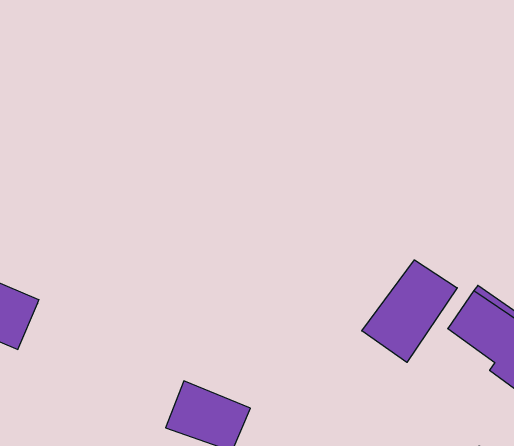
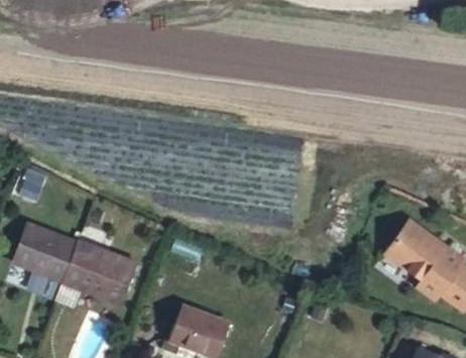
building: [362,260,457,362] -> none
building: none -> [51,239,129,302]

